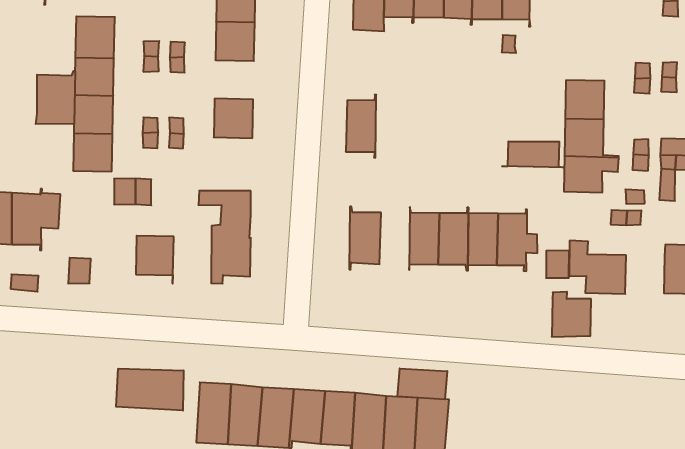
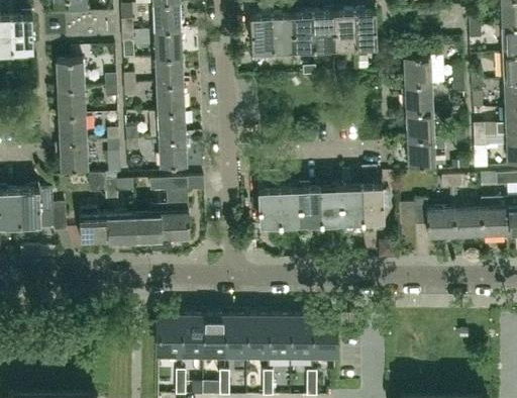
building: none -> [404,58,432,88]
building: none -> [157,87,185,115]
building: [36,71,75,124] -> none
building: [346,95,376,158] -> [280,184,302,228]
building: none -> [159,141,187,168]
building: [502,141,564,168] -> none
building: none -> [134,205,163,247]
building: none -> [81,210,109,243]
building: [552,292,591,337] -> [454,204,483,236]
building: [397,368,447,399] -> none
building: [116,369,184,411] -> none

